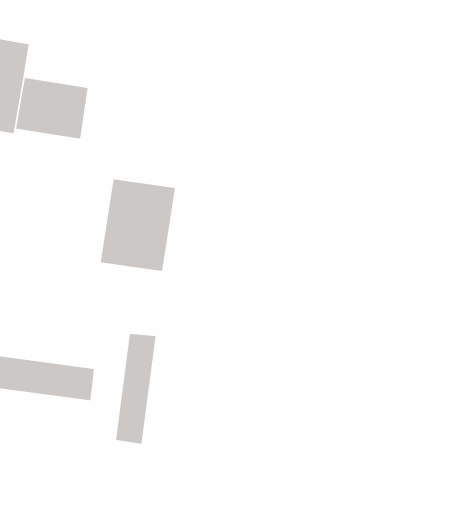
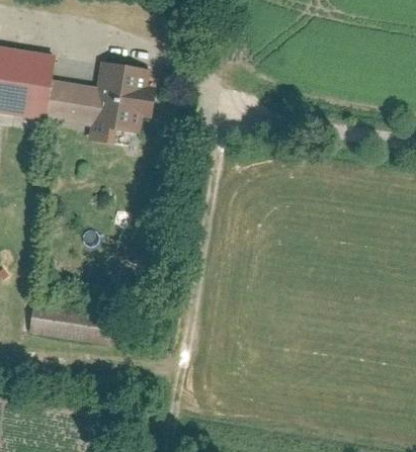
building: [100,179,176,271] -> [94,64,154,137]
building: [116,333,156,444] -> none

